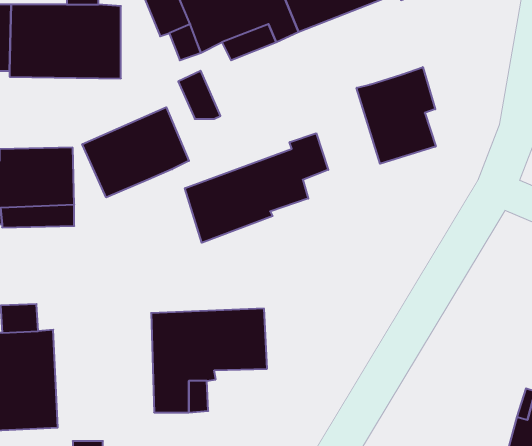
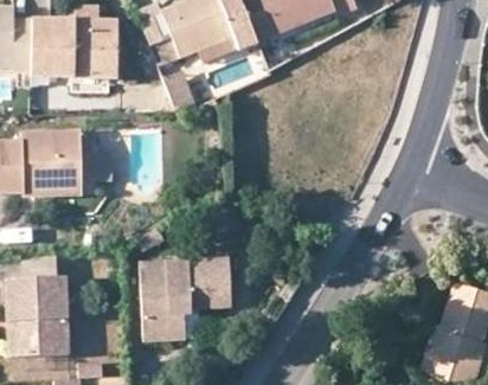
building: [357,67,436,164] -> none
building: [82,107,189,197] -> none
building: [185,133,328,243] -> none

